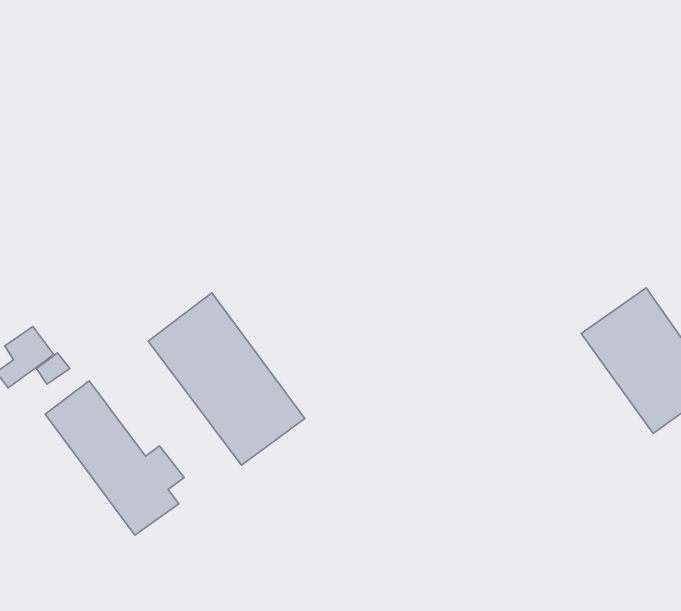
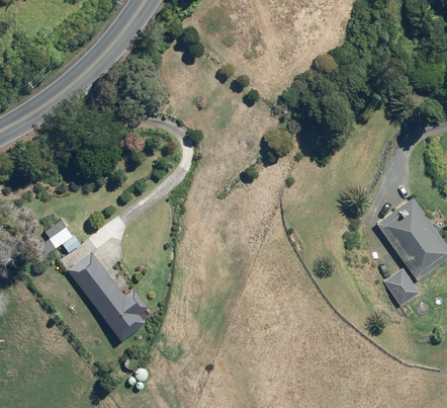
building: [148,293,305,465] -> none
building: none -> [383,267,420,306]

